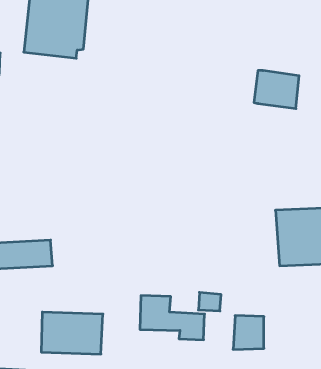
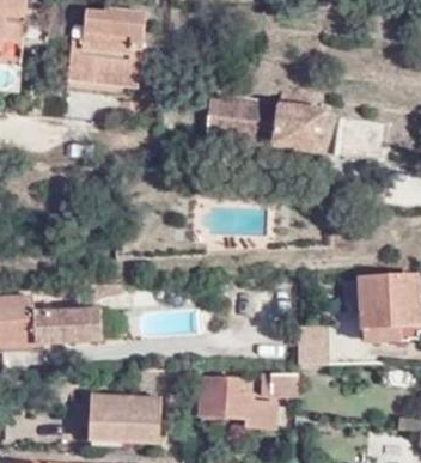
building: none -> [207,89,328,148]
building: [233,316,264,349] -> [295,324,331,364]

